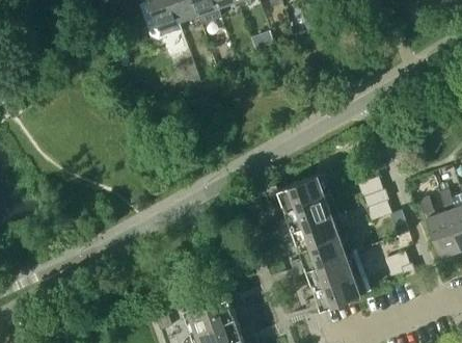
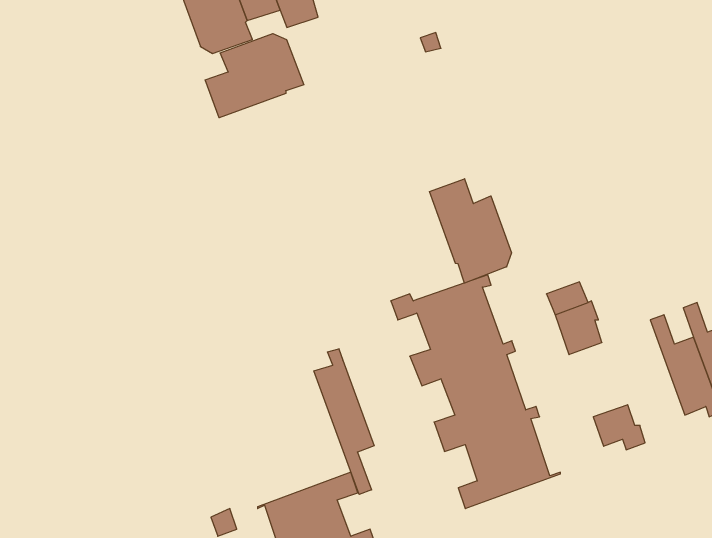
building: none -> [205,34,304,118]
building: none -> [429,179,512,283]
building: none -> [314,349,374,494]

